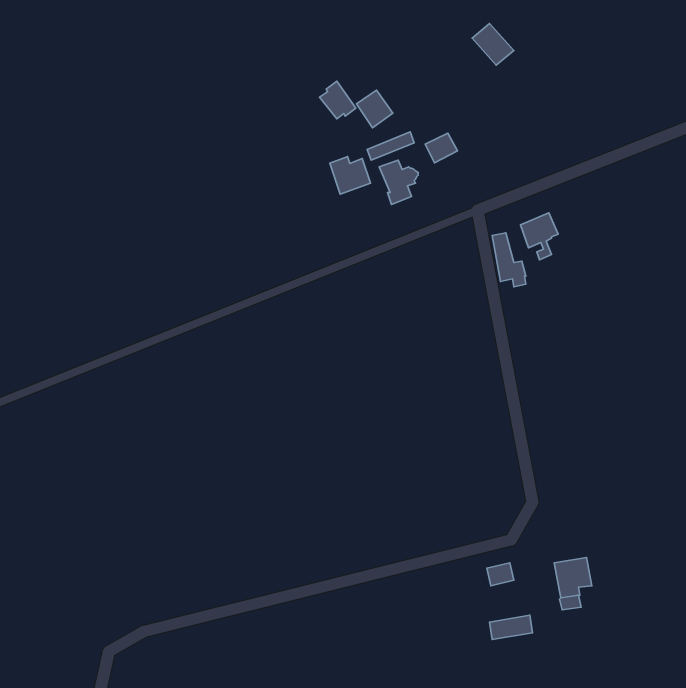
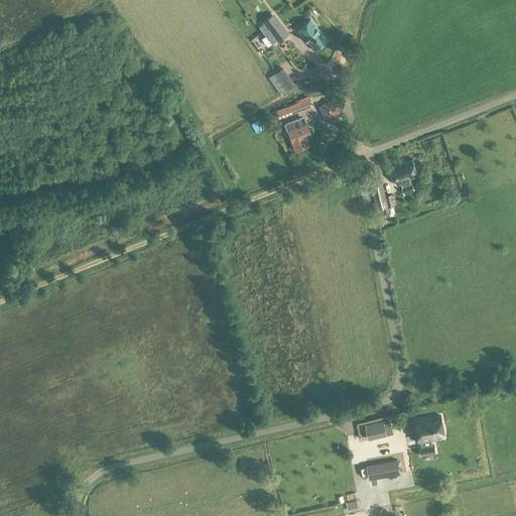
building: [472,23,514,65] -> [296,20,328,51]
building: [319,81,356,119] -> [260,14,287,42]
building: [330,157,370,194] -> none

